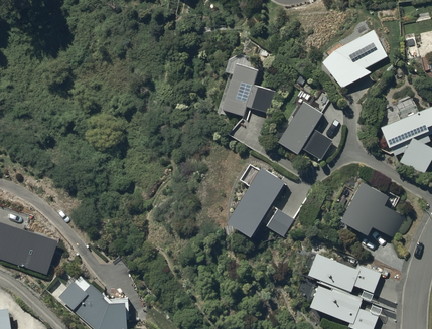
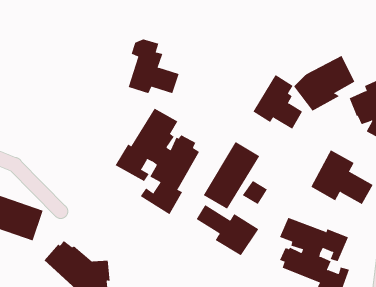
building: [320,28,386,88] -> [293,55,355,111]
building: [221,53,275,112] -> [128,39,179,94]
building: none -> [115,108,200,215]
building: none -> [196,204,259,256]

